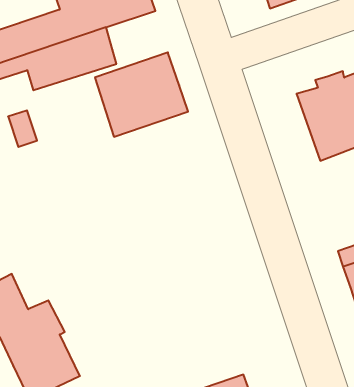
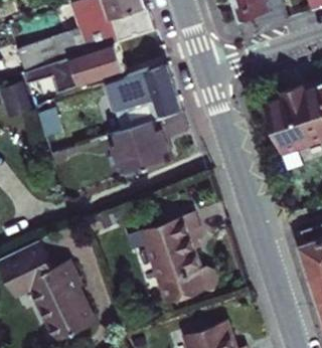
building: none -> [109,112,186,176]
building: none -> [141,215,216,305]

